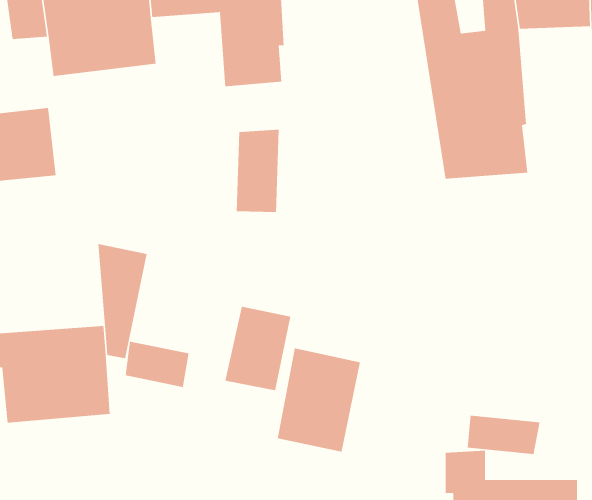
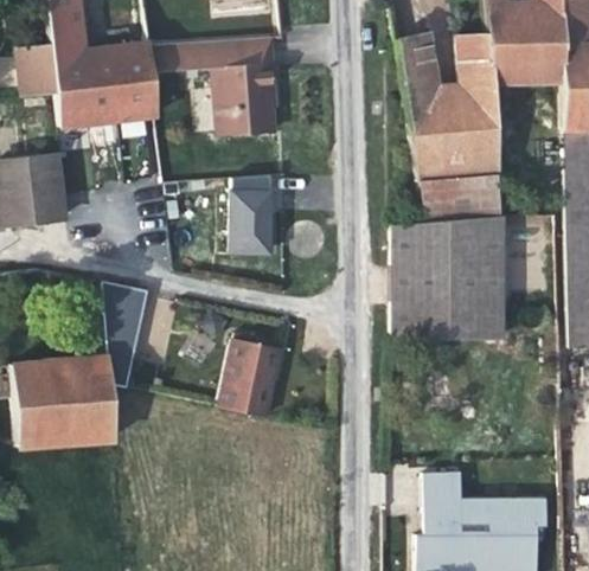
building: none -> [393,216,502,338]
building: [125,341,189,388] -> none
building: [277,348,360,452] -> none
building: [467,415,540,455] -> none

